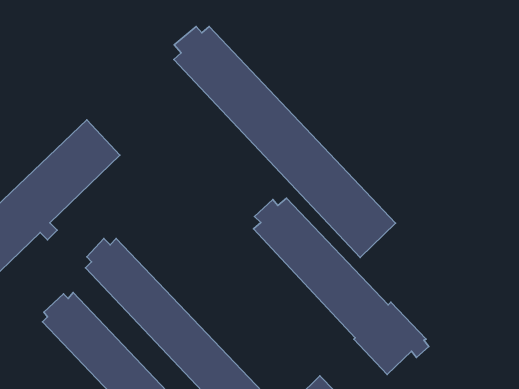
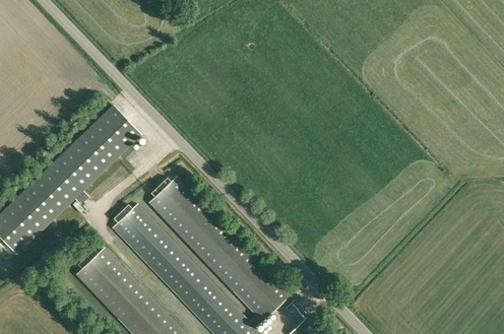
building: [174,26,396,257] -> none
building: [253,198,429,375] -> [147,177,293,323]

